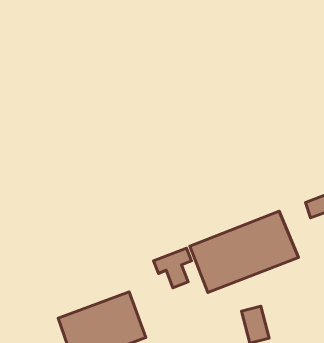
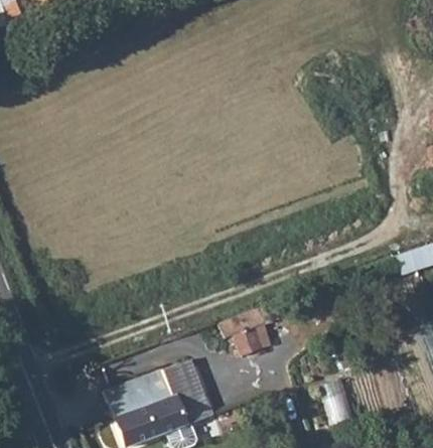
building: [190,211,299,292] -> none

